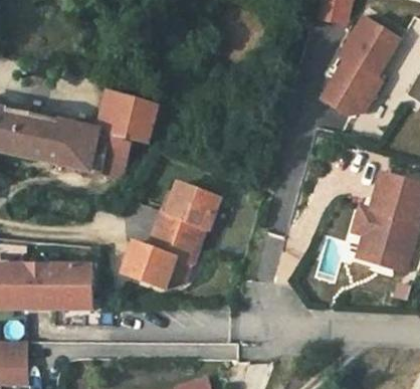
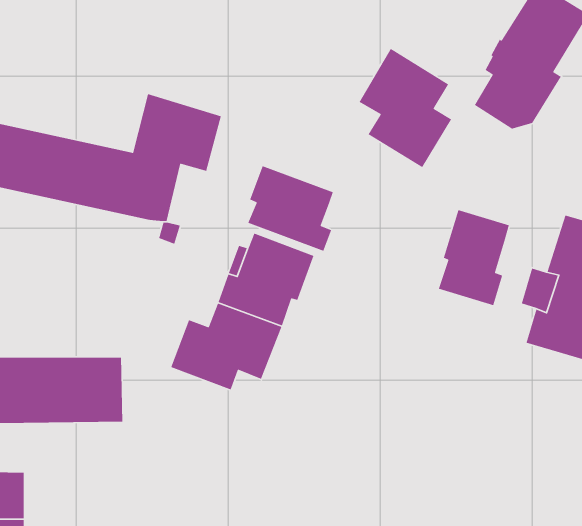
building: none -> [359,48,452,168]
building: none -> [247,165,334,252]
building: none -> [438,209,510,306]

